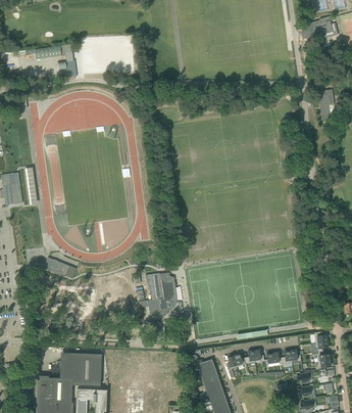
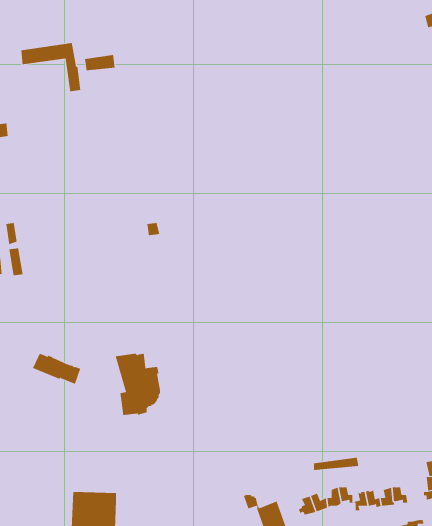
building: [145,273,177,316] -> [115,353,161,415]

